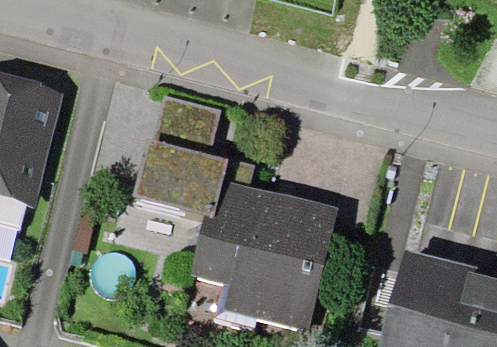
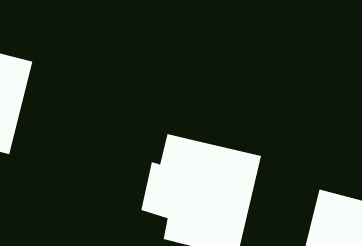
building: [135,97,255,219] -> none

